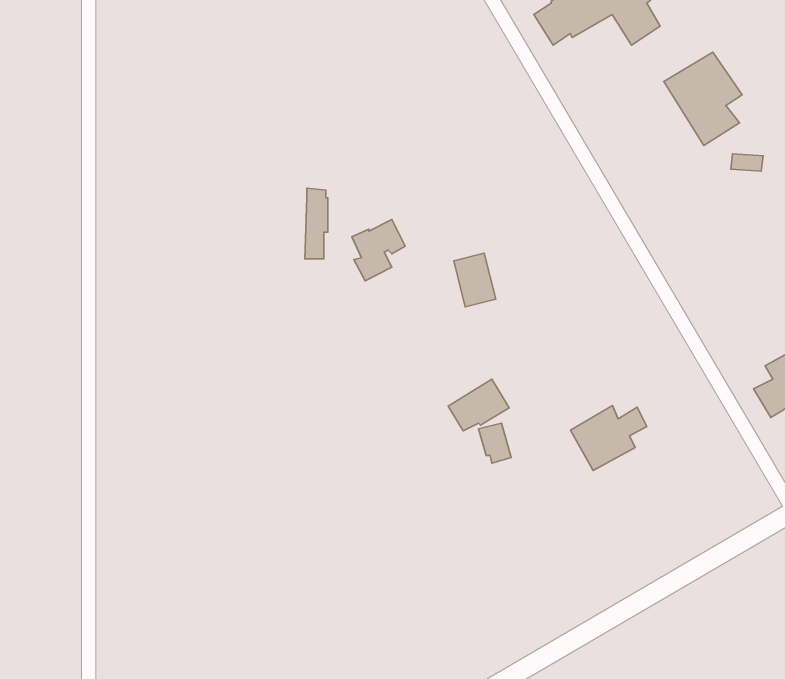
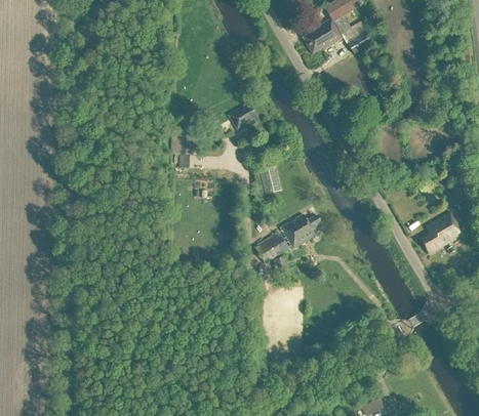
building: [664,52,742,145] -> none
building: [352,220,405,281] -> [230,106,258,138]
building: [570,405,647,470] -> [280,213,321,248]

